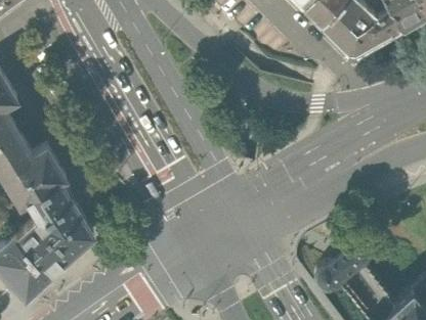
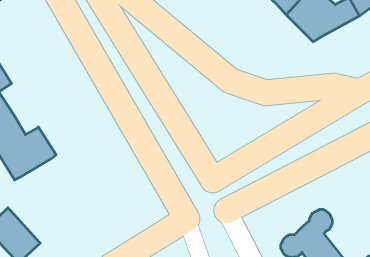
building: [16,185,94,278] -> none

